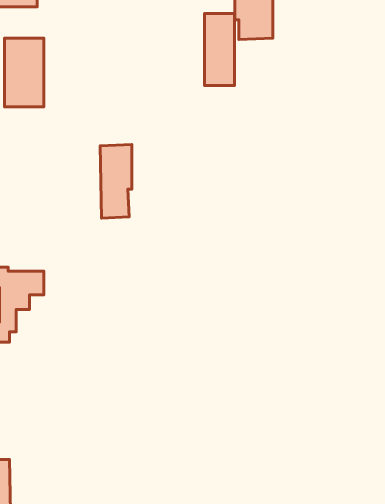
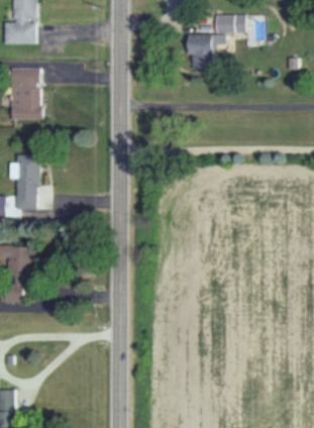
building: [204,13,234,86] -> none
building: [100,144,132,218] -> [15,154,39,211]

